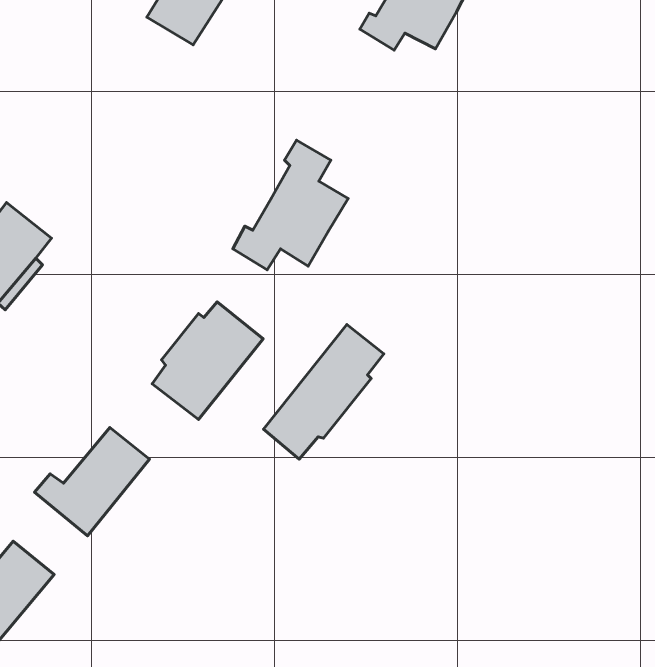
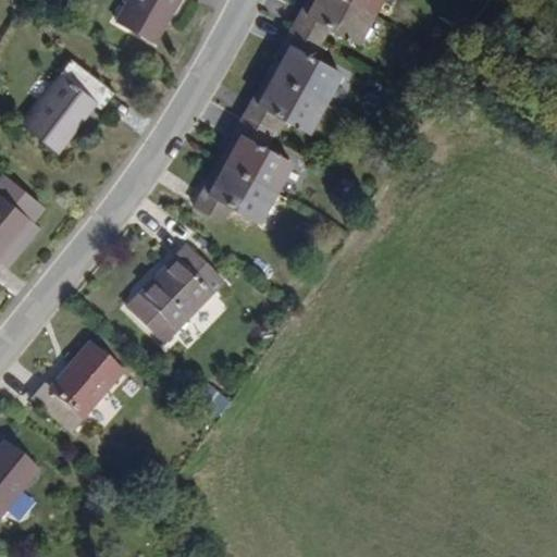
building: none -> [244,24,338,132]
building: none -> [29,52,123,141]
building: [264,324,384,459] -> none

